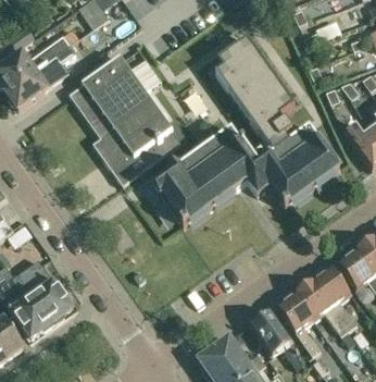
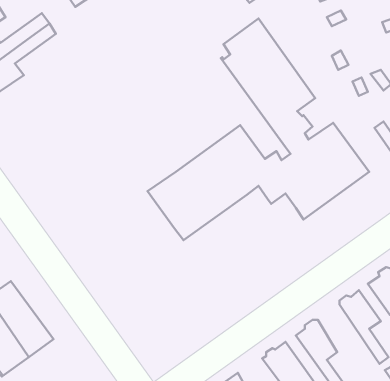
building: [70,56,173,185] -> none
building: [296,280,348,335] -> none

